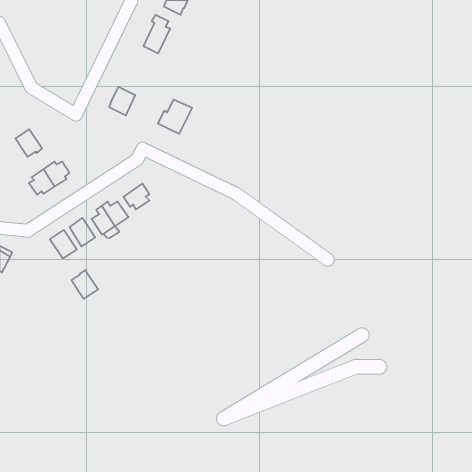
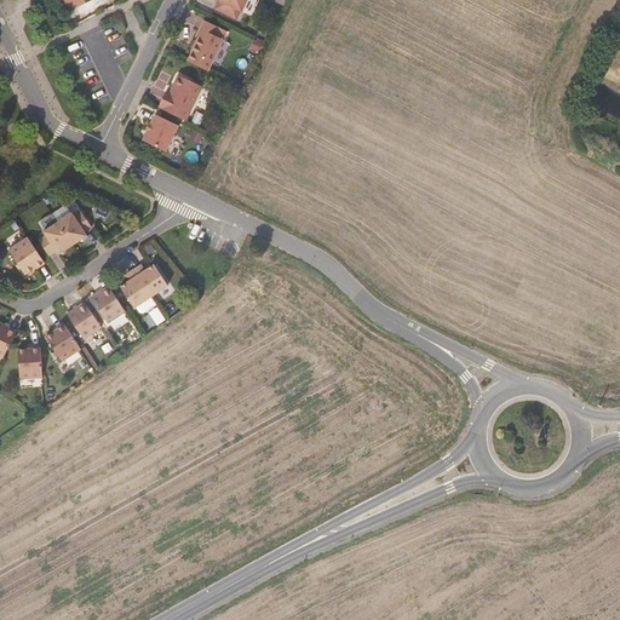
building: [158,100,192,134] -> [157,75,202,120]
building: [15,129,42,157] -> [8,237,44,274]
building: [124,184,150,209] -> none
building: none -> [17,346,41,379]
building: [71,270,98,299] -> [45,323,80,361]

